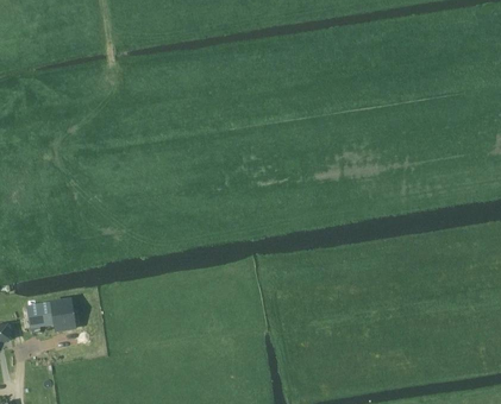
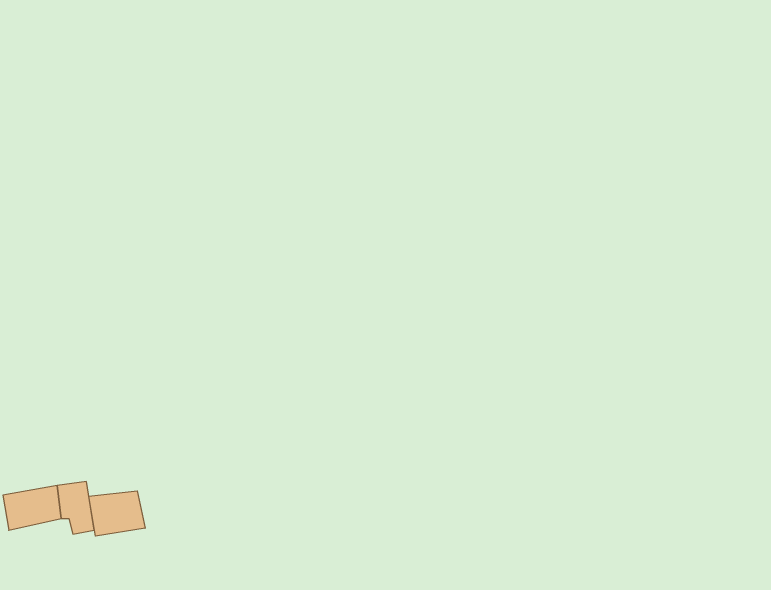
building: none -> [89,491,145,536]

